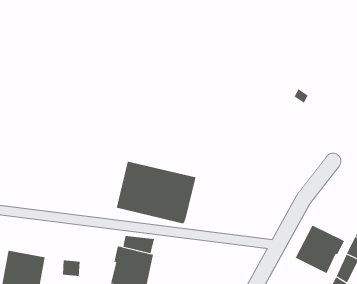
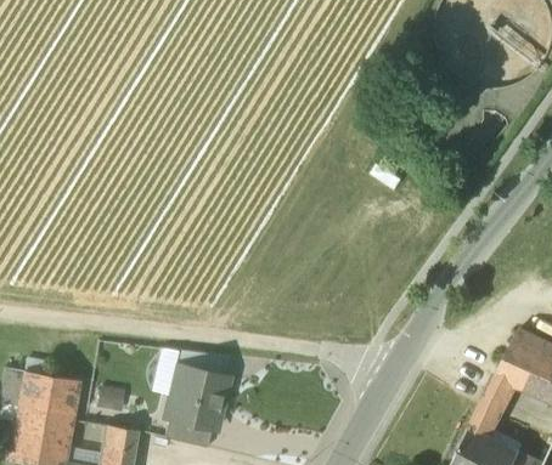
building: [116,161,196,224] -> none
building: [295,225,345,274] -> none

